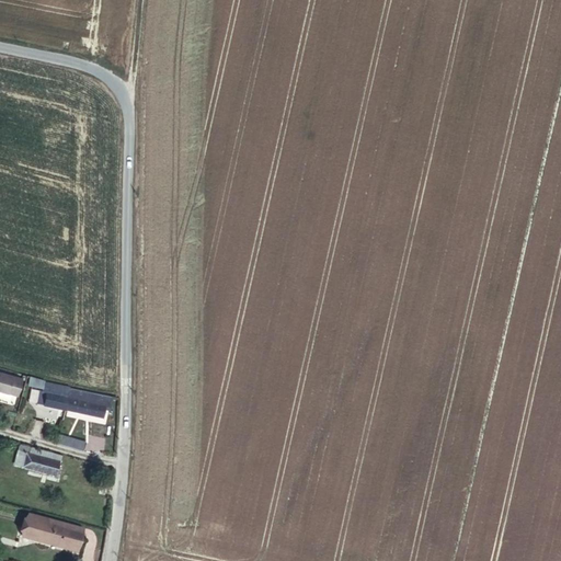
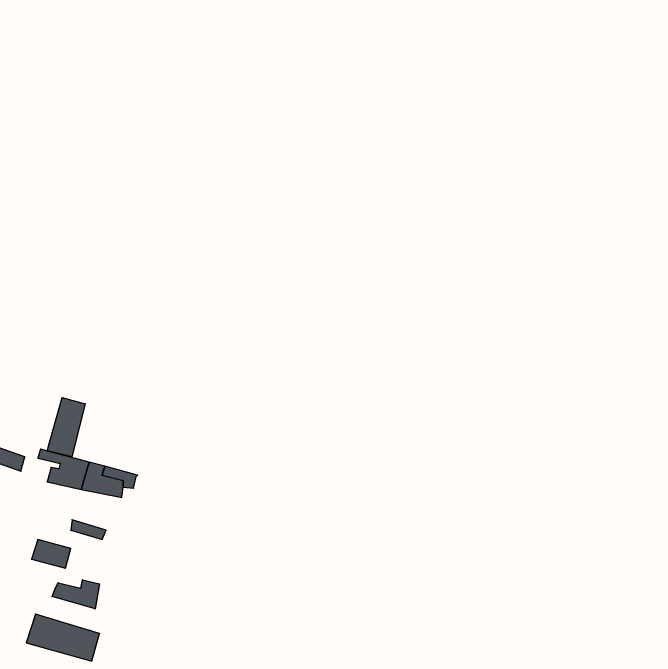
building: none -> [47,398,85,457]
building: none -> [52,580,99,609]

